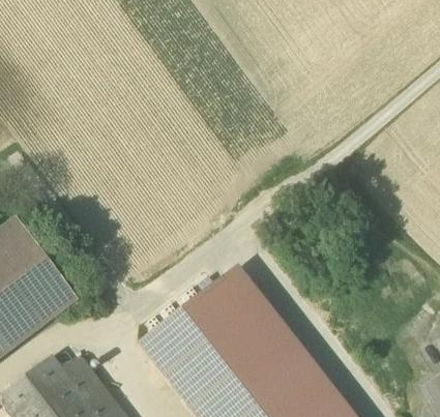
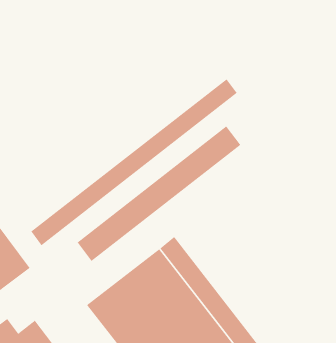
building: none -> [30,78,237,246]
building: none -> [77,126,241,262]

